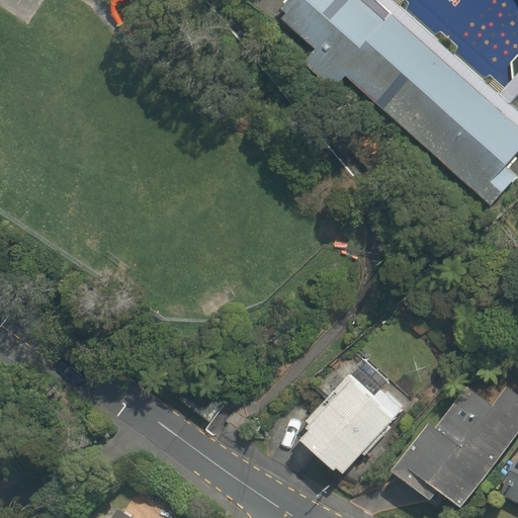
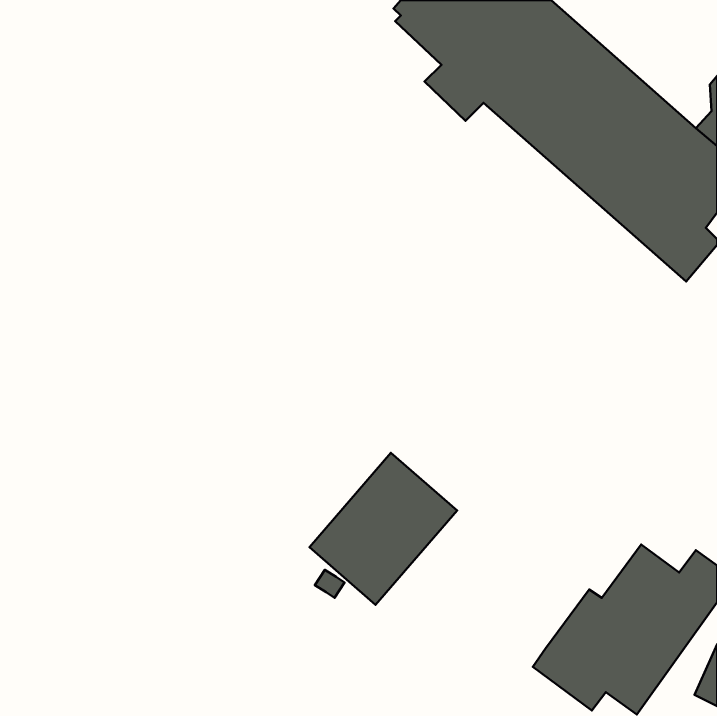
building: [292,364,399,473] -> [309,453,457,605]

